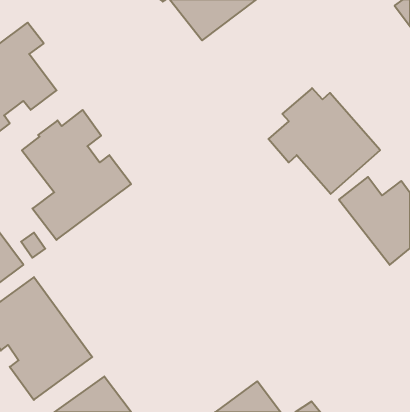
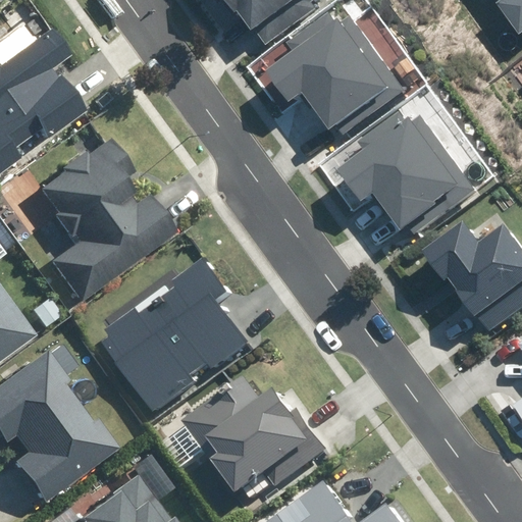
building: none -> [262,9,404,141]
building: none -> [105,260,252,411]
building: none -> [189,378,334,506]

